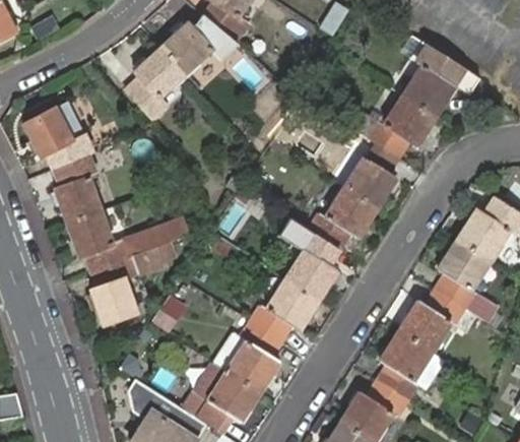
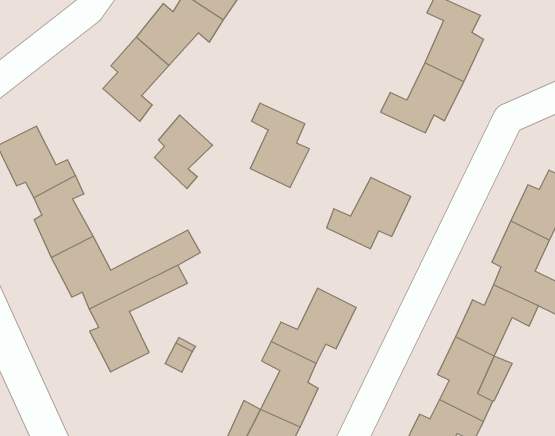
building: none -> [154,115,213,189]
building: [342,136,394,210] -> [250,103,309,187]
building: [285,228,334,298] -> none

